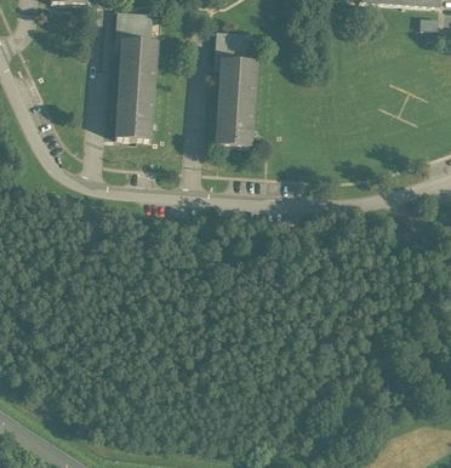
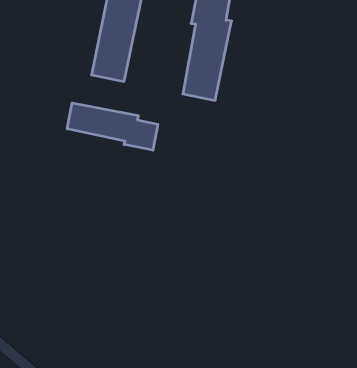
building: none -> [67,103,158,150]

